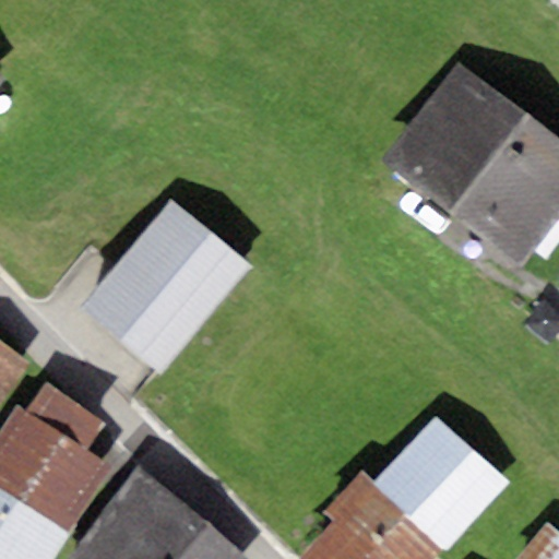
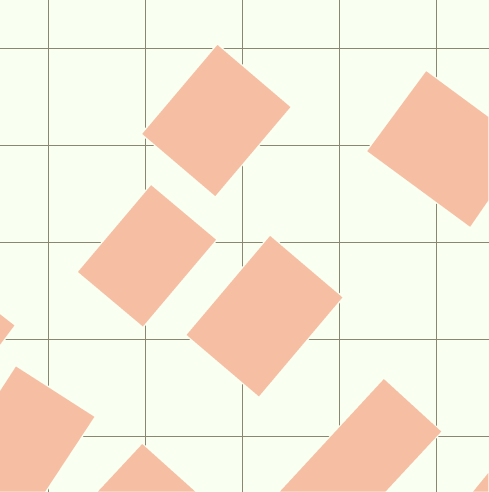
building: none -> [141,44,292,197]
building: none -> [185,235,344,398]

